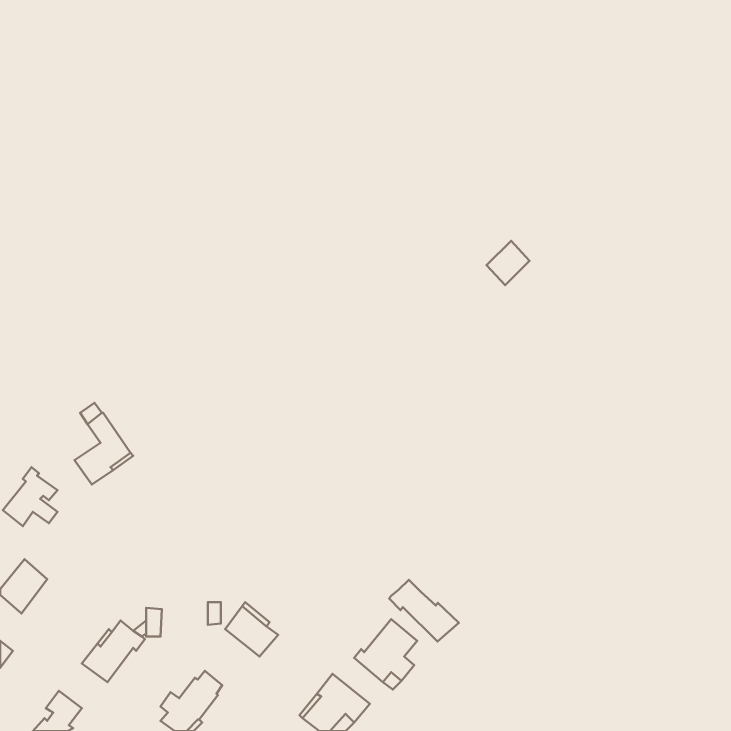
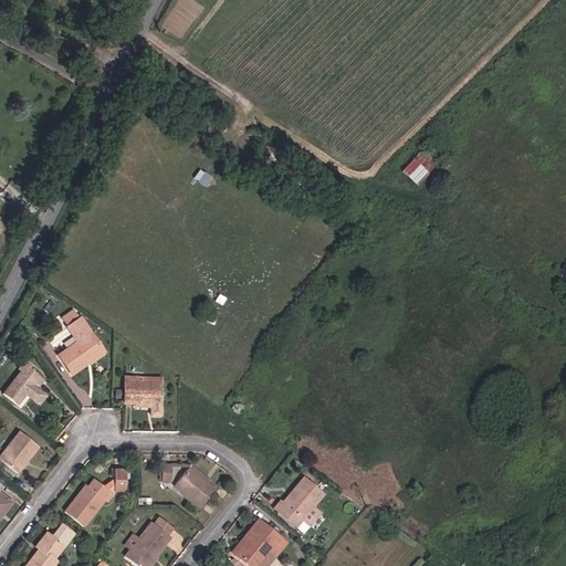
building: [487,241,530,285] -> [402,149,436,184]
building: none -> [124,376,163,407]
building: [389,580,459,642] -> none

